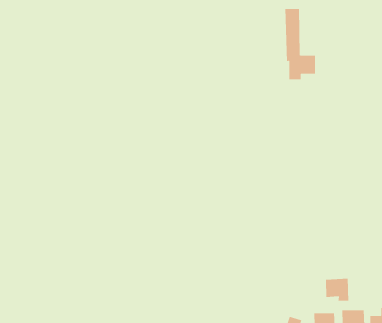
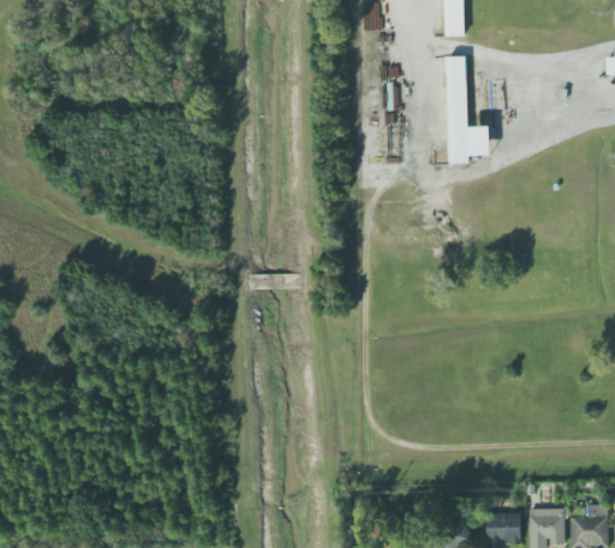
building: [325,278,349,302] -> none

